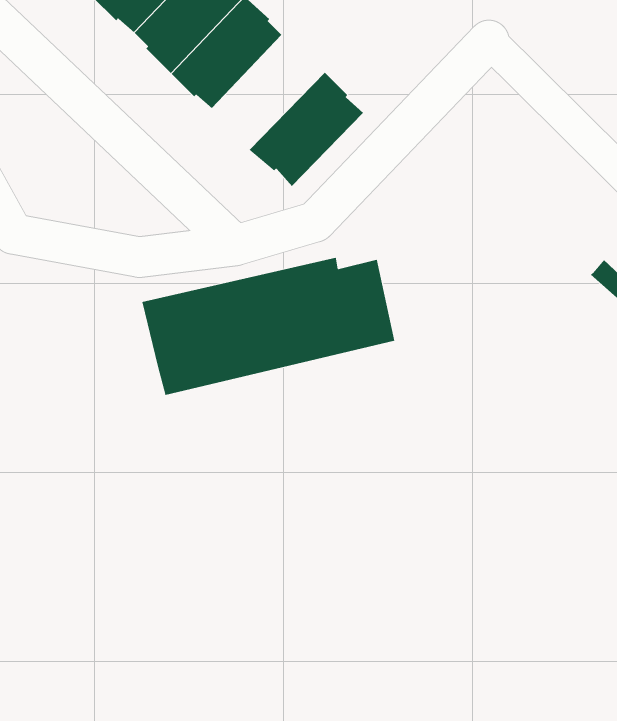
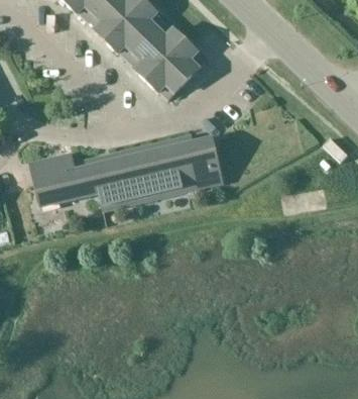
building: none -> [126,20,185,80]
building: none -> [29,154,98,206]

